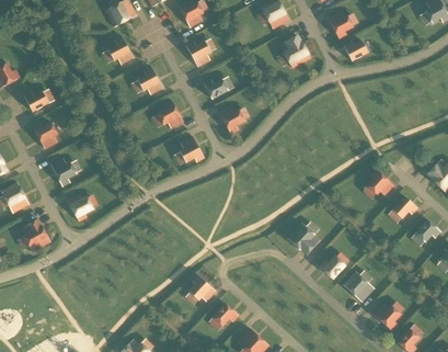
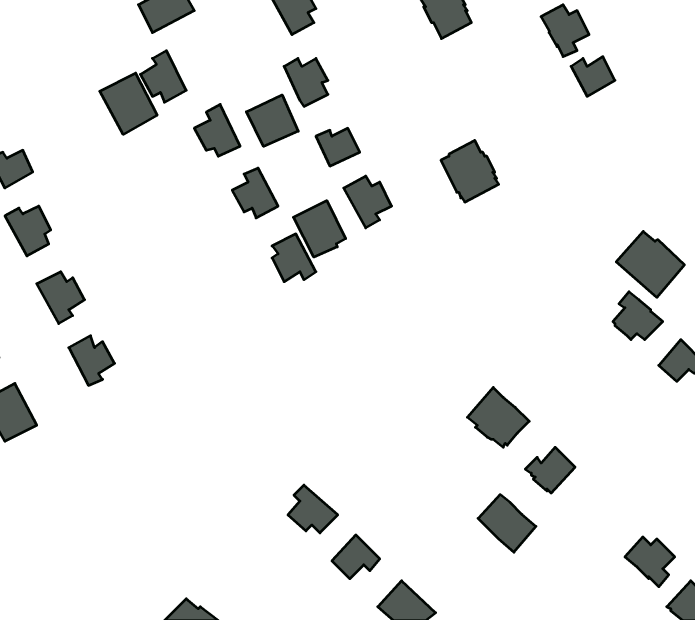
building: [279,34,311,68] -> [441,140,499,202]
building: none -> [100,73,157,134]
building: none -> [246,95,298,146]
building: none -> [293,201,346,257]
building: none -> [616,231,684,297]
building: [343,271,375,303] -> [478,495,536,552]

